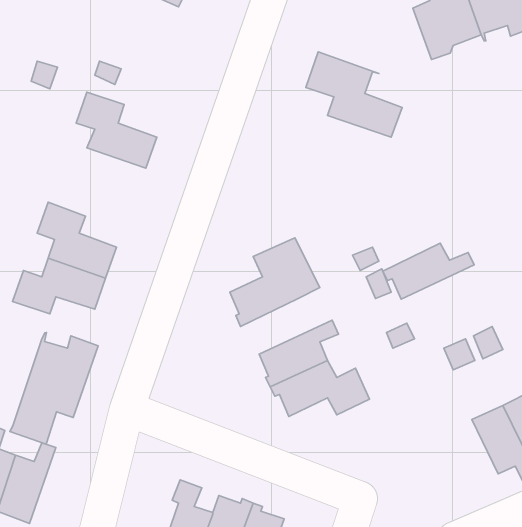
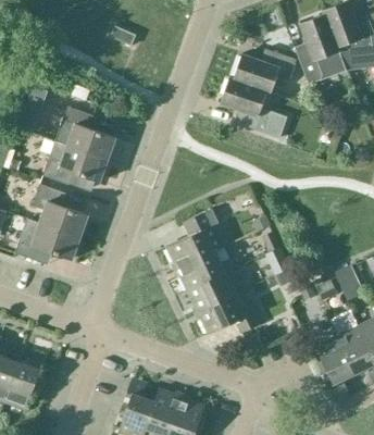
building: none -> [228,49,296,94]
building: none -> [42,146,108,185]
building: [383,243,474,299] -> [174,251,238,290]
building: [10,333,98,444] -> none
building: none -> [314,336,354,402]

